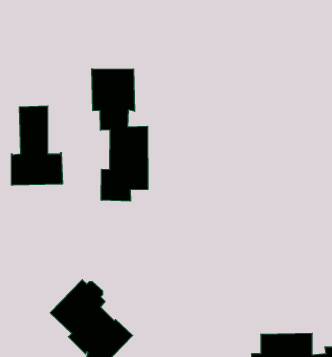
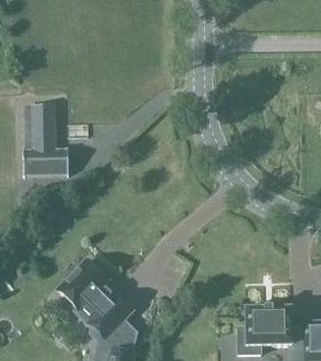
building: [92,69,148,201] -> none

